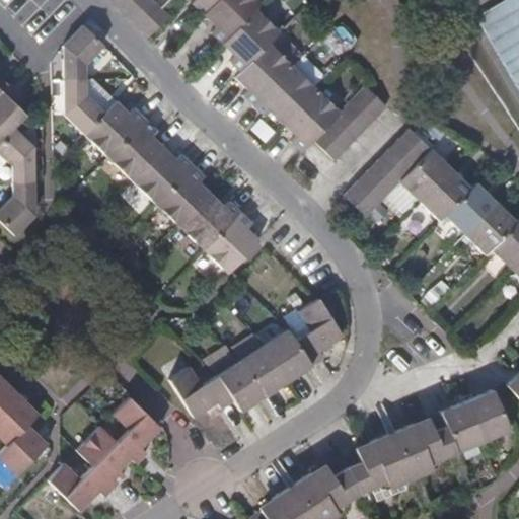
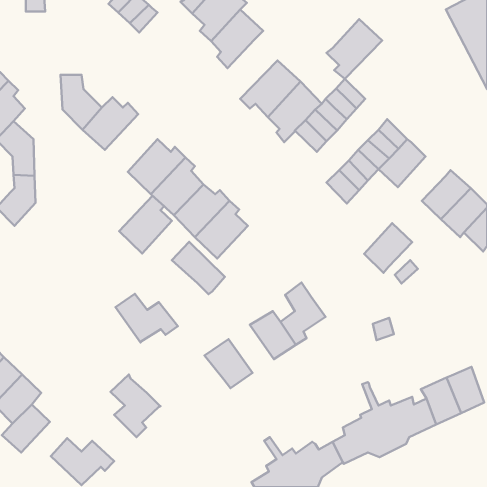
building: [62,25,101,79] -> none
building: [234,42,293,104] -> [327,19,382,79]
building: [110,121,166,181] -> [119,196,172,253]
building: [420,165,470,218] -> [364,223,412,273]
building: none -> [172,242,225,294]
building: [241,343,289,393] -> none
building: [170,366,236,418] -> [116,294,178,343]
building: [82,427,140,487] -> none

